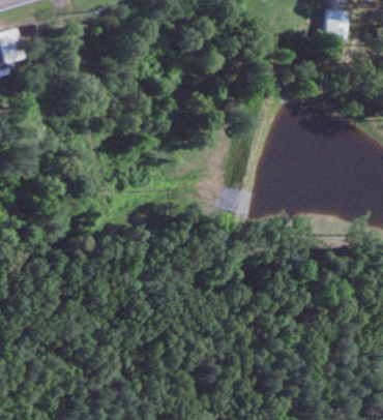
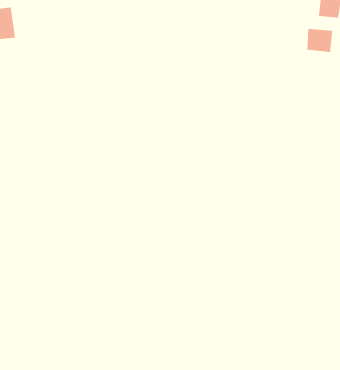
building: none -> [307,28,333,53]

